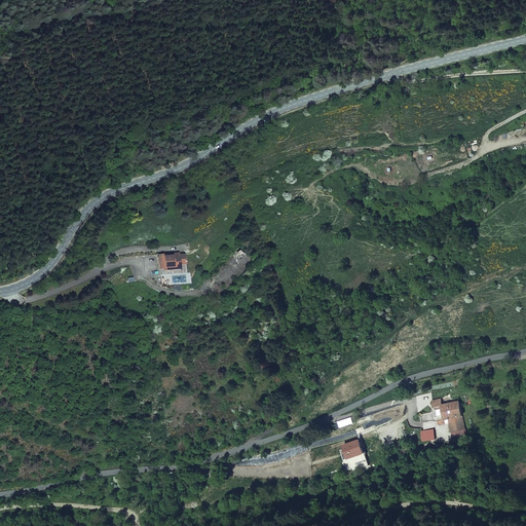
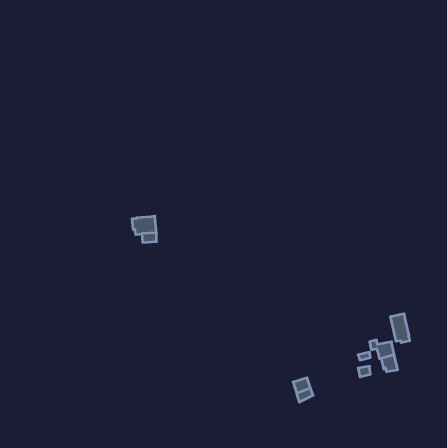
building: none -> [391,314,410,343]

